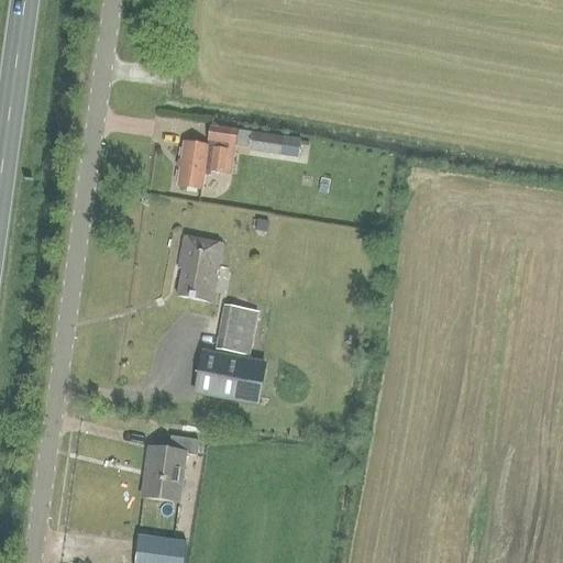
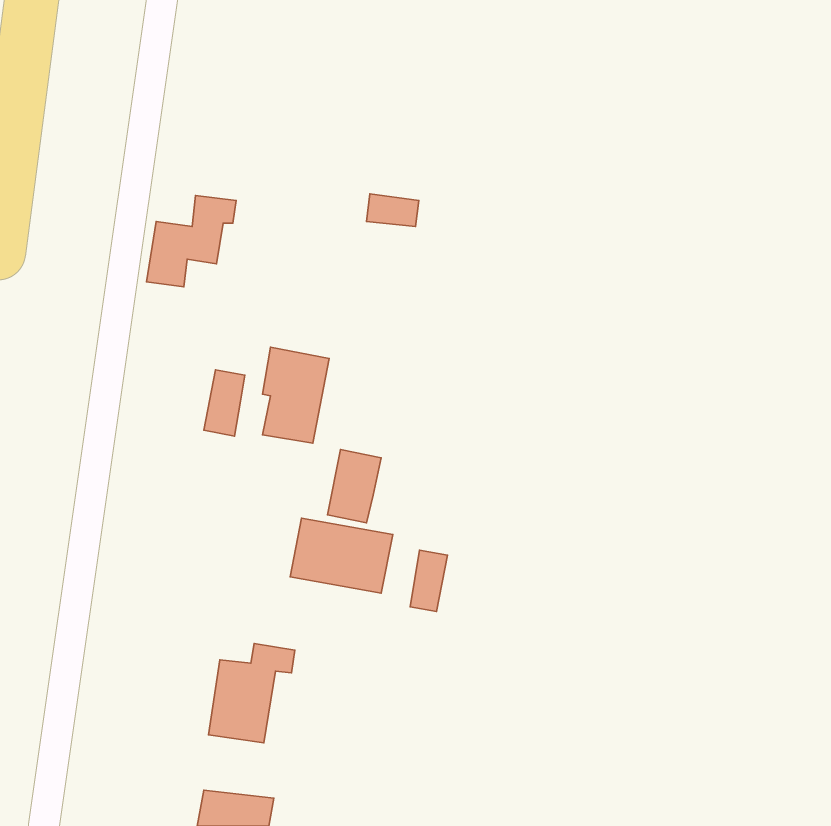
building: [176,124,236,186] -> [146,196,236,287]
building: none -> [204,370,245,436]
building: none -> [410,550,447,611]

